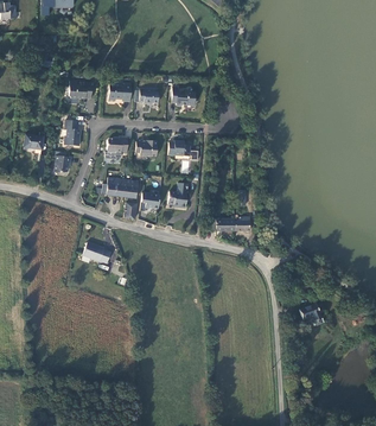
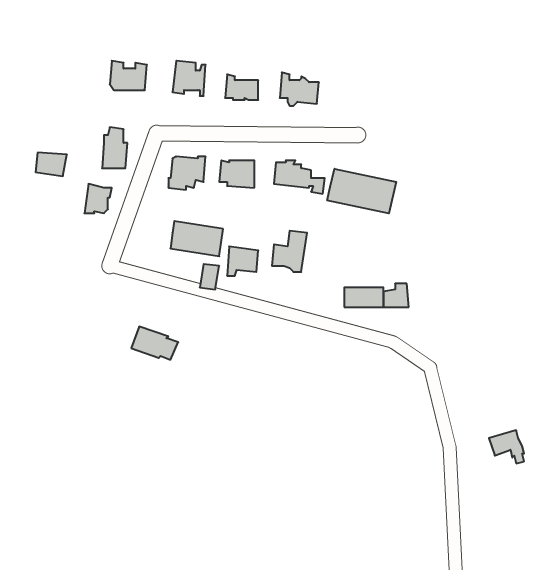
building: none -> [327,169,396,213]

